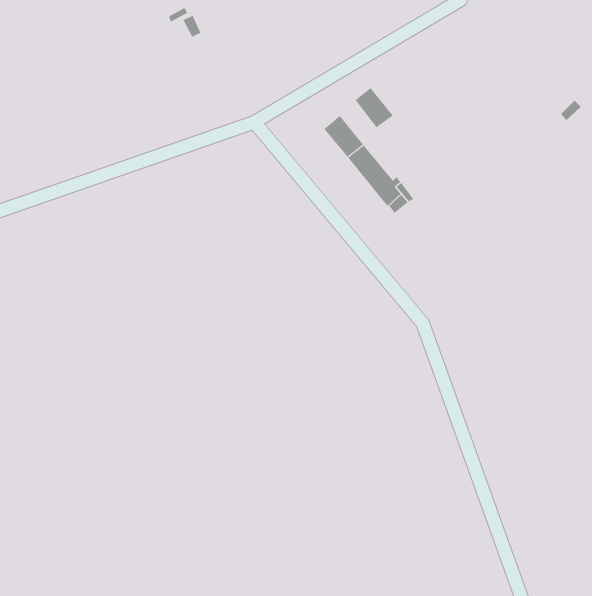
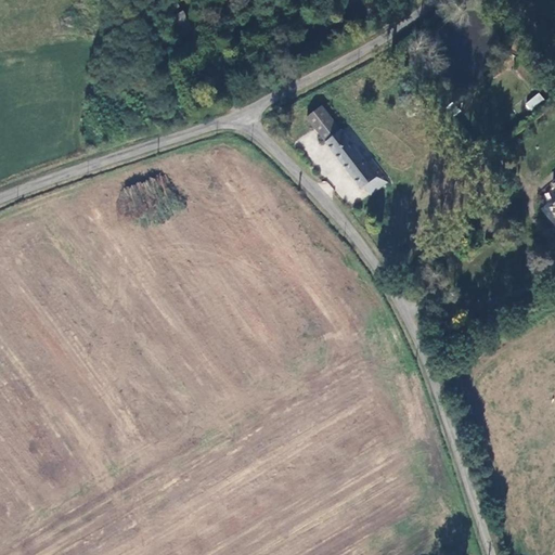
building: [355,87,393,128] -> none

